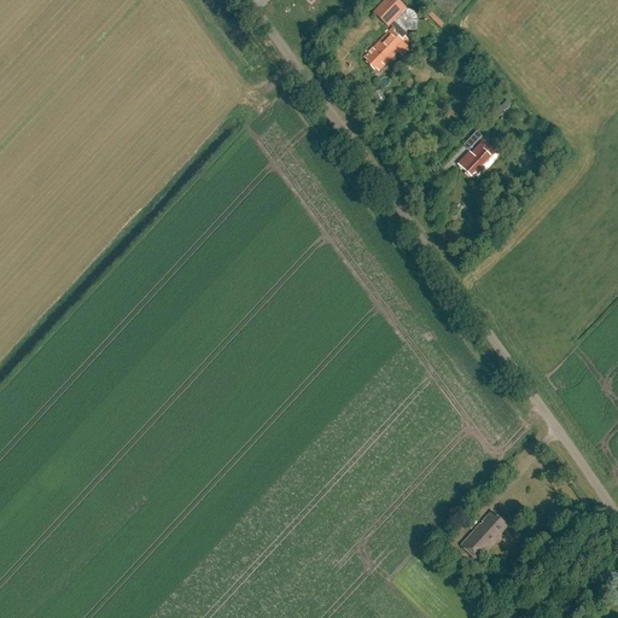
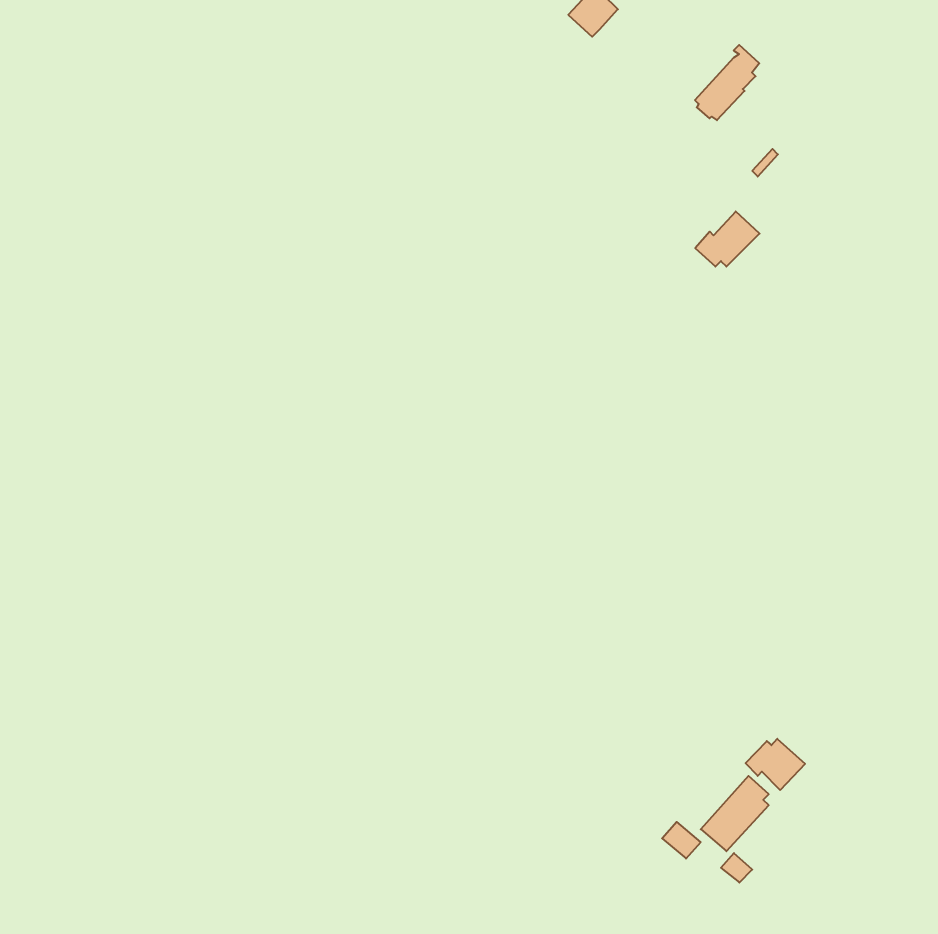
building: [366,19,408,69] -> [695,45,759,120]
building: none -> [746,739,805,790]

